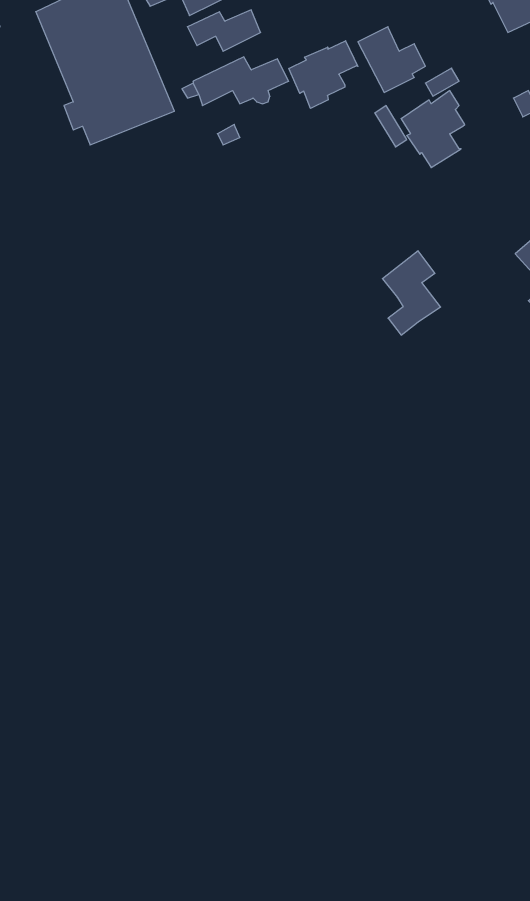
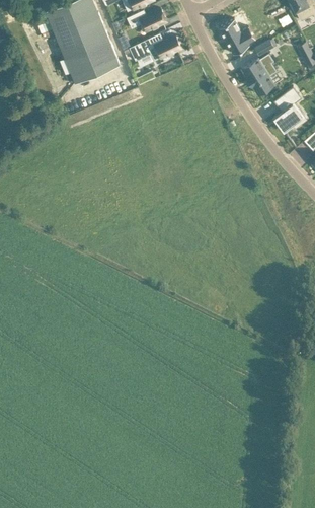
building: [289,41,358,108] -> none
building: [382,251,441,335] -> [274,86,306,132]

